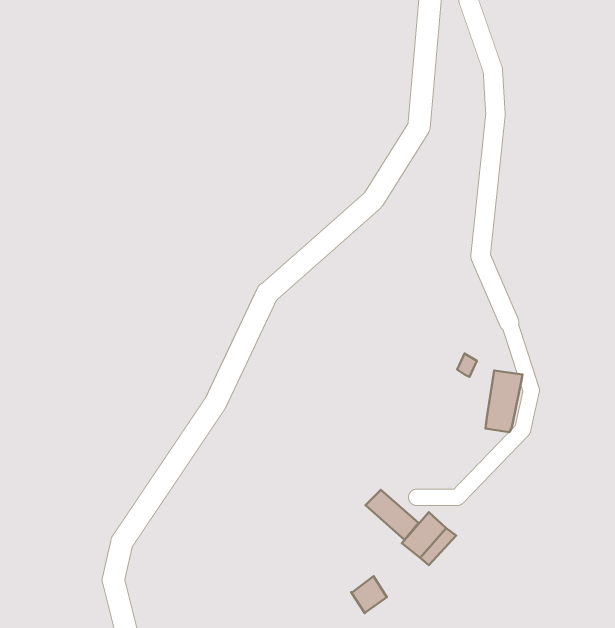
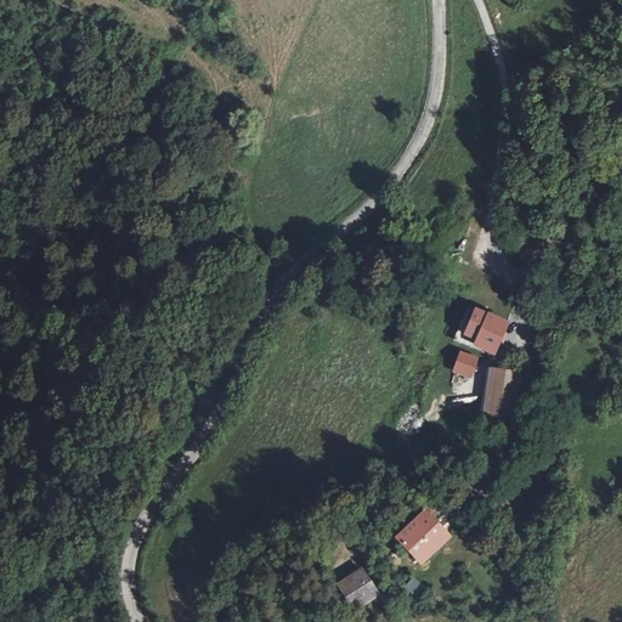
building: none -> [462,307,499,347]
building: [365,490,418,540] -> none

